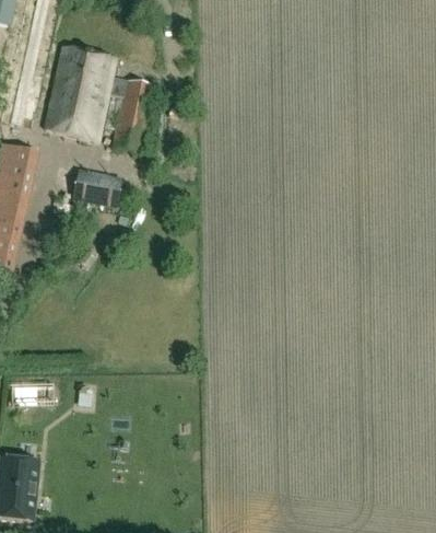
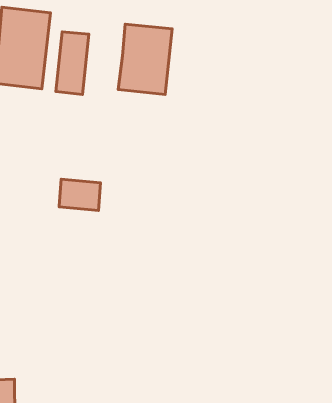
building: none -> [118,24,172,94]
building: [72,167,121,207] -> [59,179,101,210]

